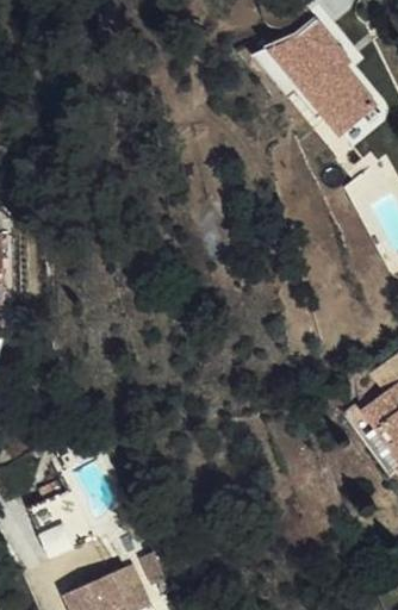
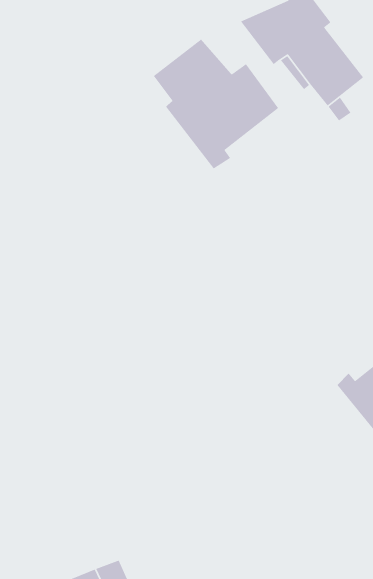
building: none -> [153,38,279,169]

